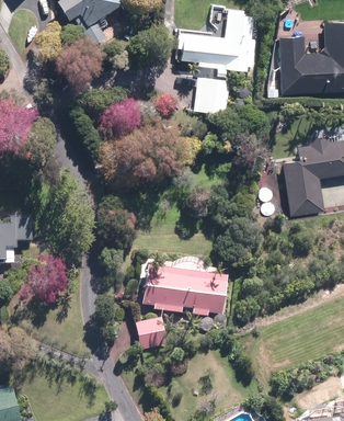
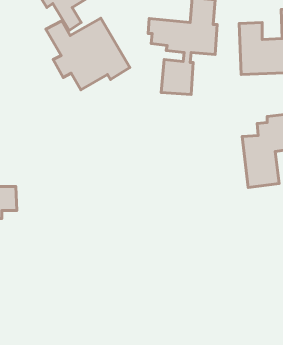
building: none -> [46,18,130,90]
building: [142,270,227,316] -> none
building: [136,318,167,350] -> none

